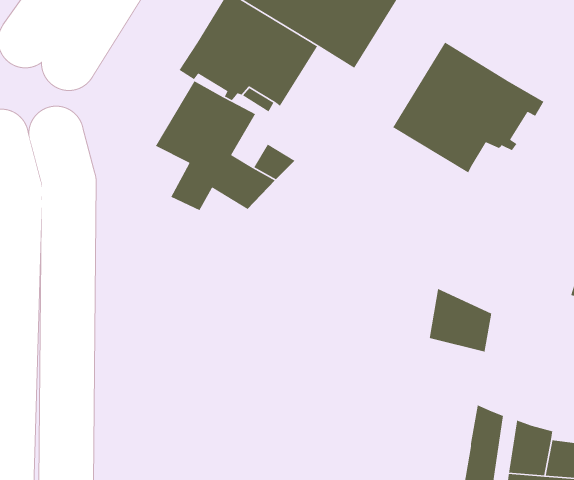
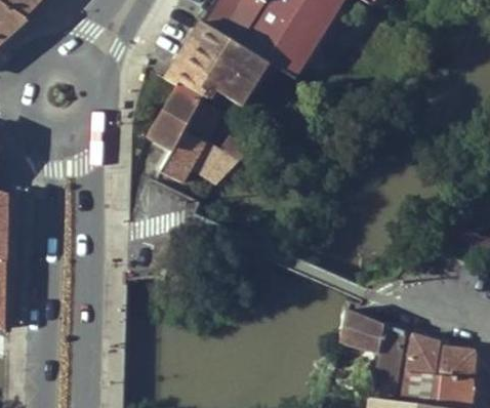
building: [392,41,544,174] -> none
building: [429,288,492,353] -> [338,304,384,352]

